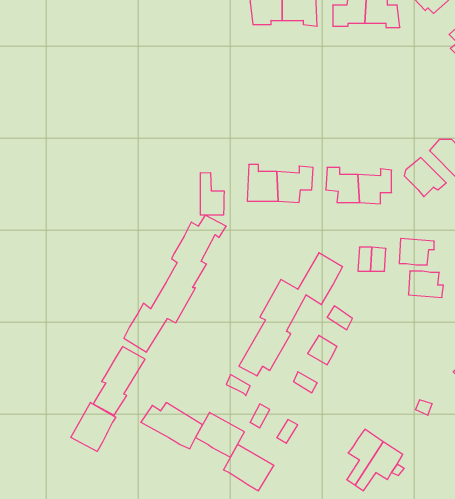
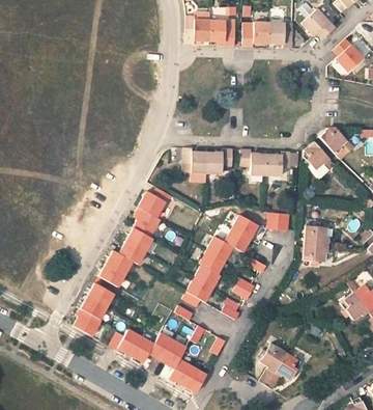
building: [200,173,224,215] -> none
building: [399,238,434,265] -> [304,245,329,265]
building: [71,402,116,451] -> none

